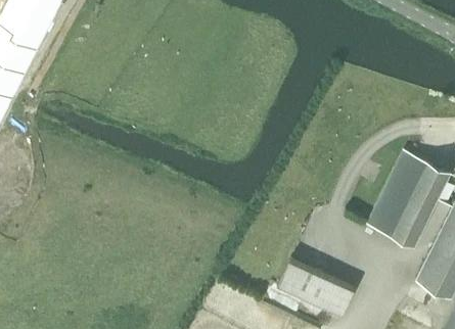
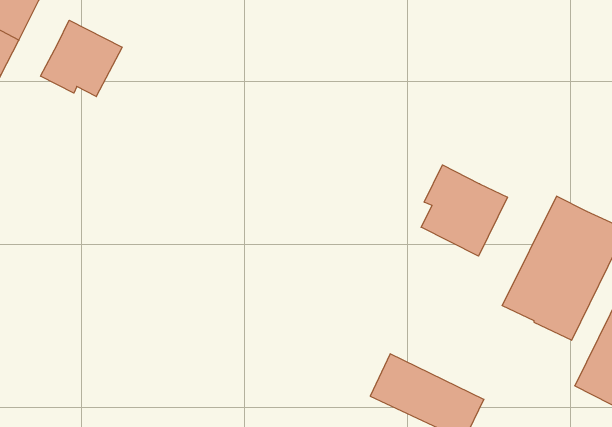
building: none -> [41,20,122,97]
building: none -> [421,165,507,256]

